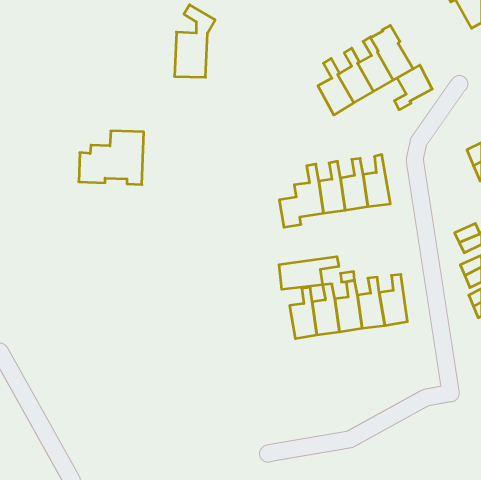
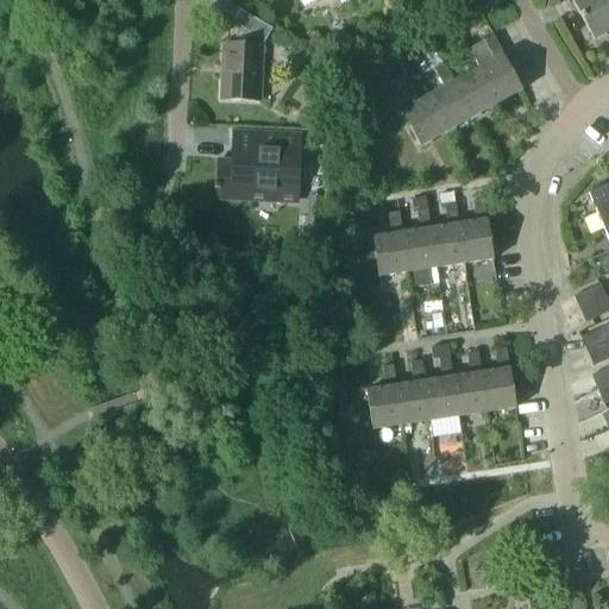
building: [394,65,432,110] -> none
building: [79,131,144,185] -> [218,131,300,199]
building: [279,257,339,289] -> none

